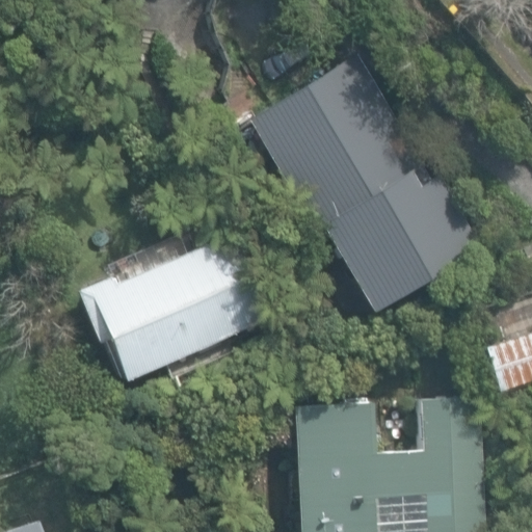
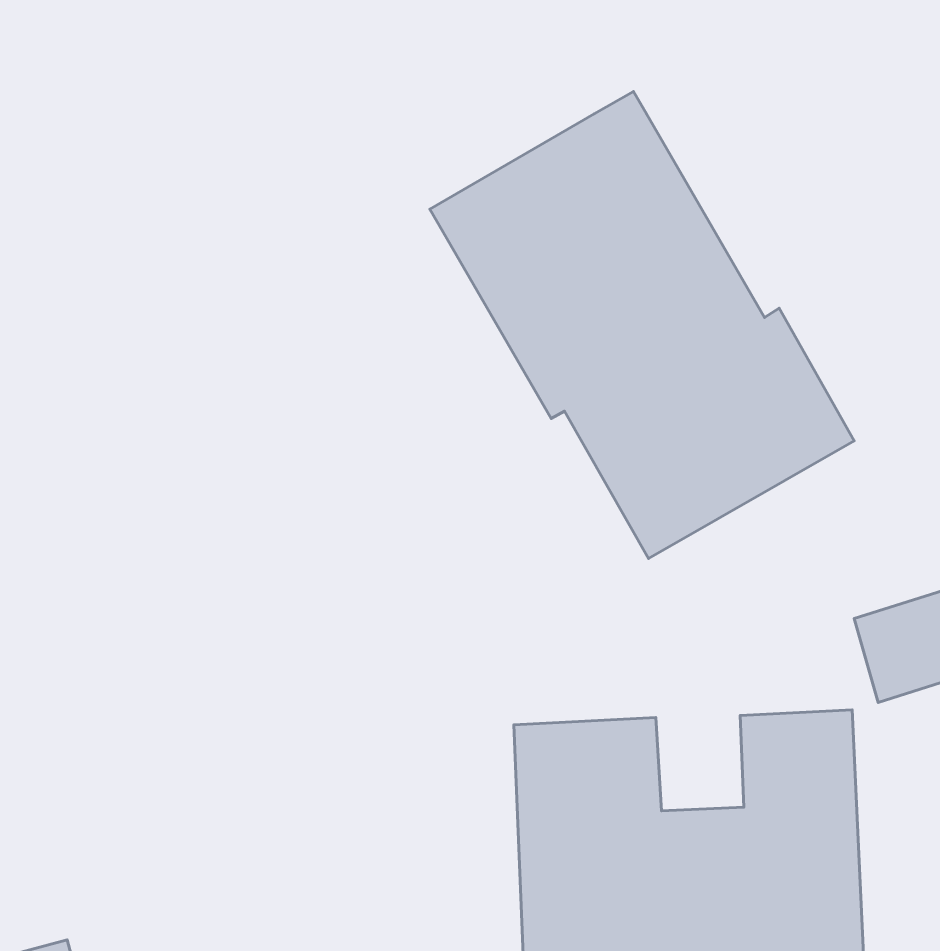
building: [76,231,297,387] -> none

